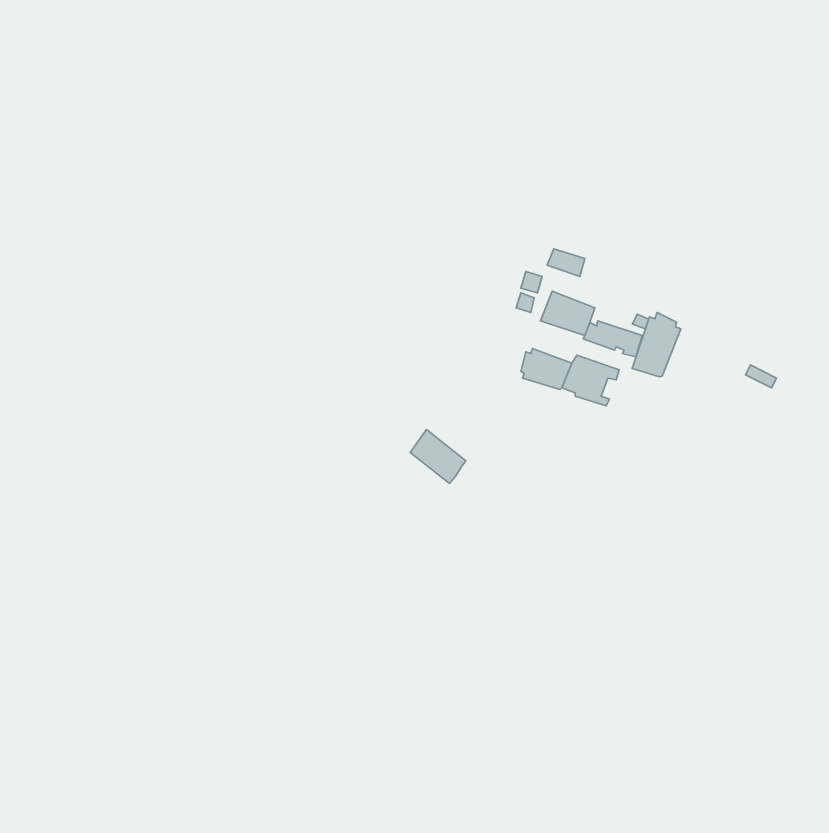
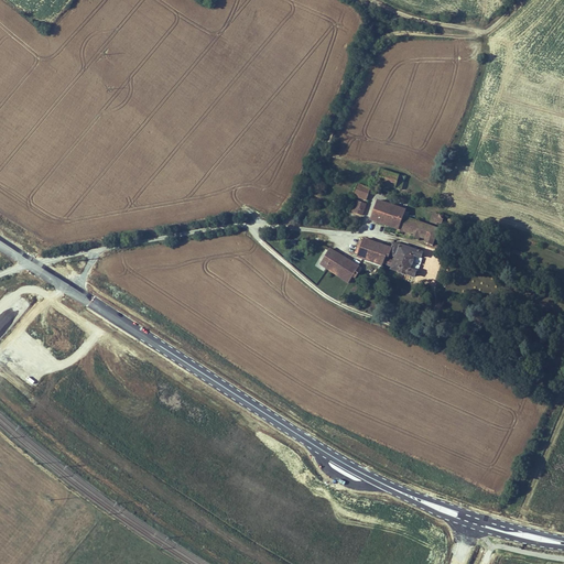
building: [632,313,681,377] -> none
building: [410,430,466,484] -> [323,247,360,283]

